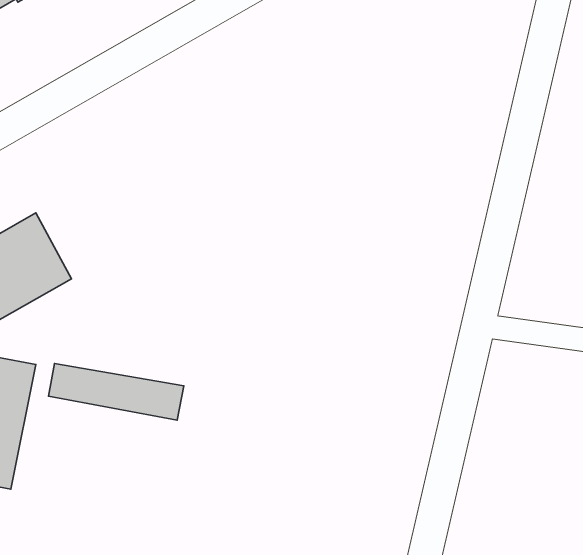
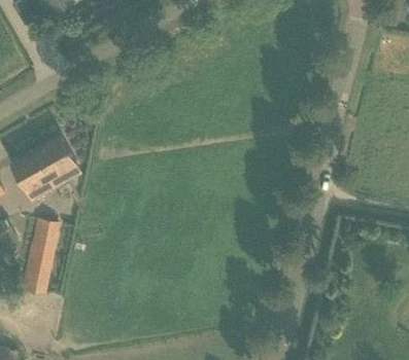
building: [49,363,184,420] -> none

